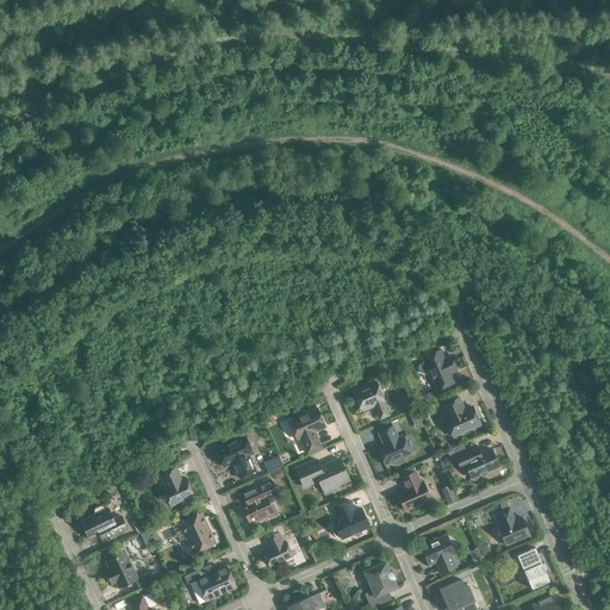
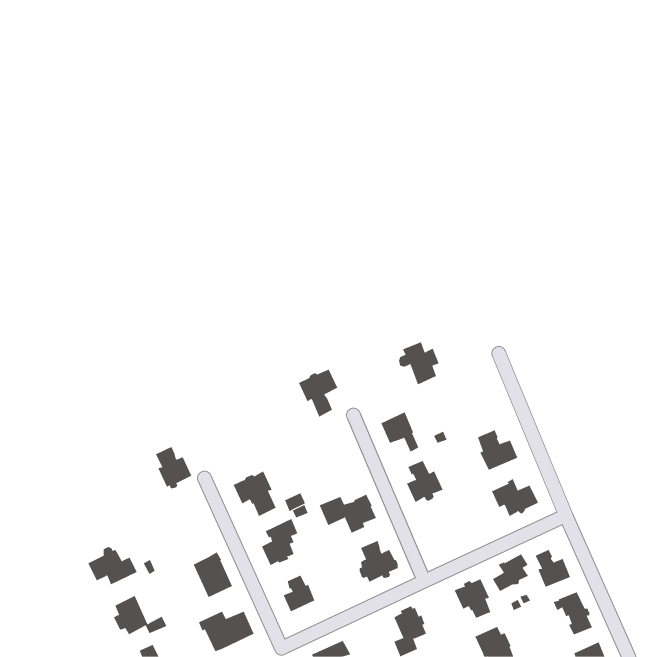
building: [418,350,456,391] -> [398,342,439,385]
building: [288,409,325,454] -> [298,369,338,418]
building: [160,468,194,508] -> [155,446,192,489]
building: [397,472,431,511] -> none
building: none -> [492,554,529,592]

